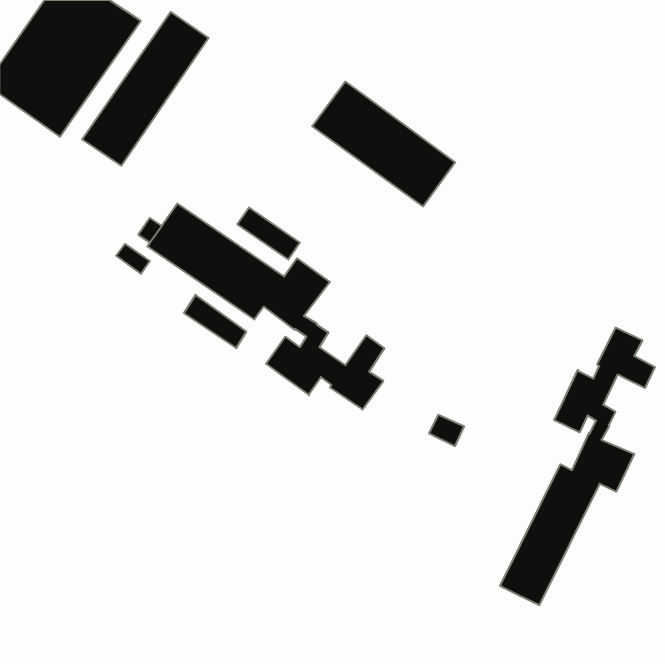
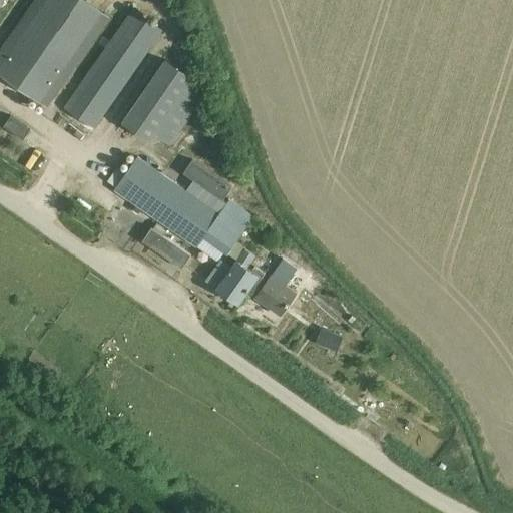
building: none -> [121,61,208,146]
building: [312,82,455,206] -> none
building: [500,328,655,605] -> none

